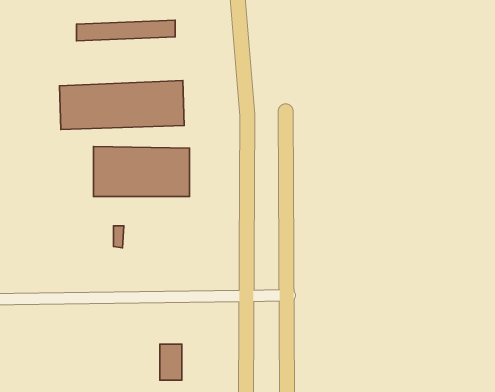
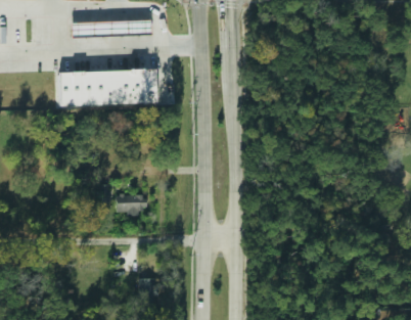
building: [93,147,189,197] -> none
building: none -> [117,194,147,213]

